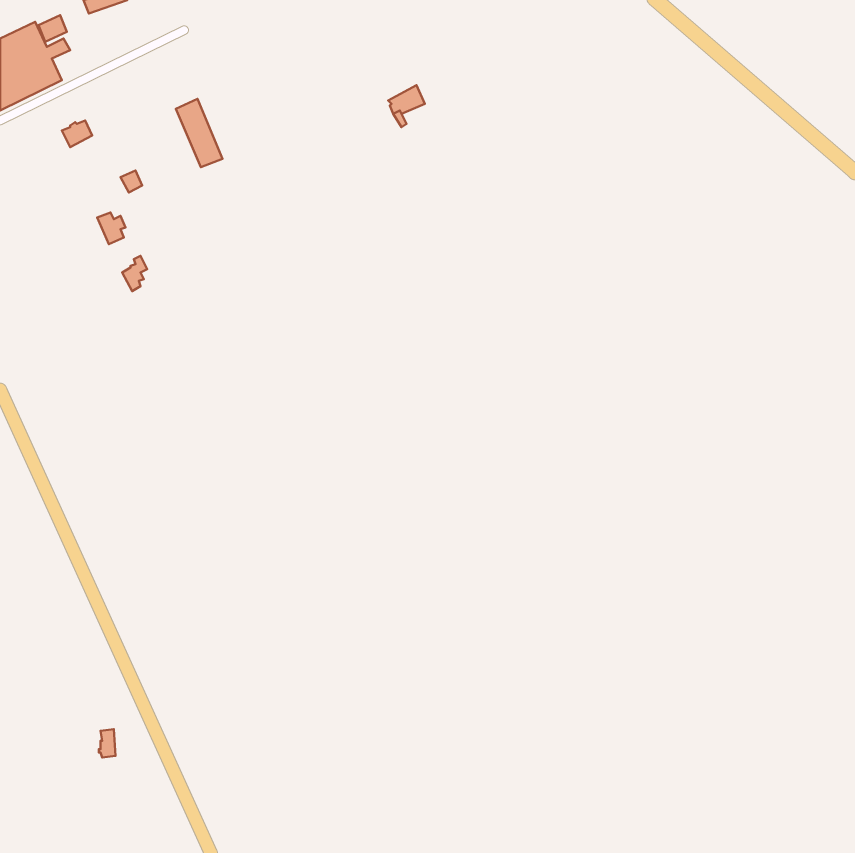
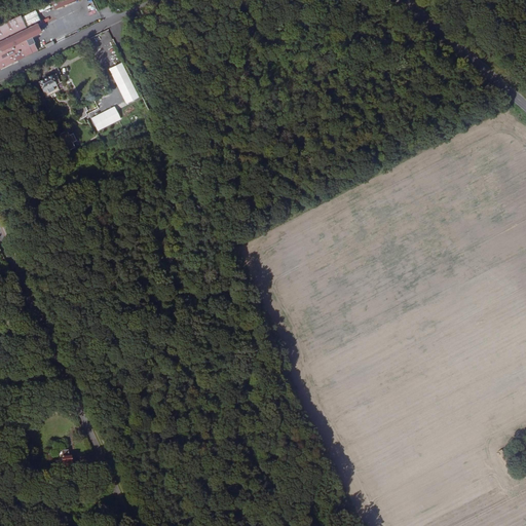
building: none -> [89,106,120,130]

